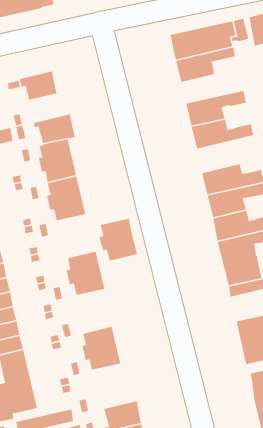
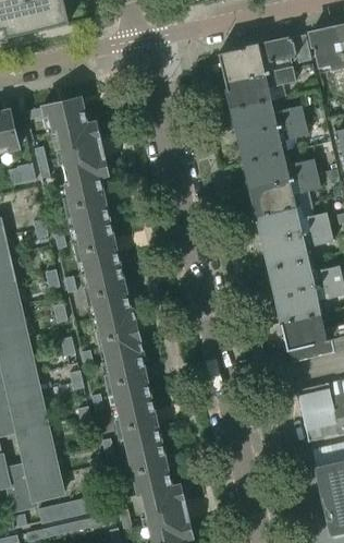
building: none -> [231,100,305,134]
building: none -> [52,121,101,157]
building: none -> [249,172,320,216]
building: [99,218,140,262] -> [84,265,132,316]
building: none -> [105,353,150,405]
building: none -> [124,441,171,494]

